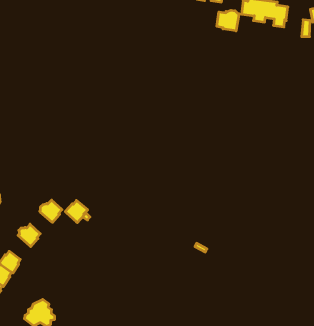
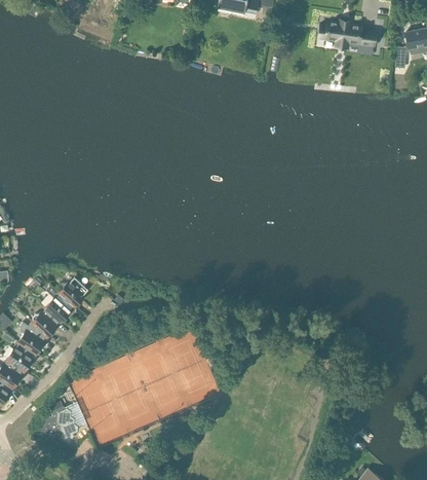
building: [217,10,239,31] -> none
building: [65,200,88,223] -> [45,293,74,322]
building: none -> [18,323,46,354]

